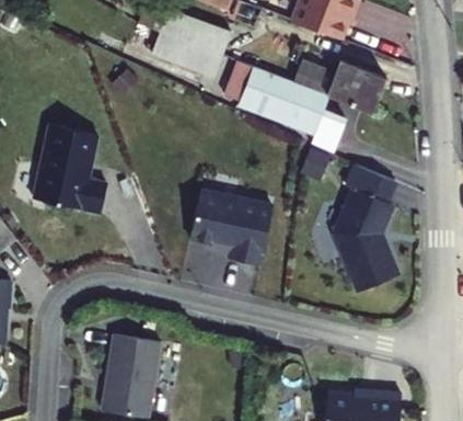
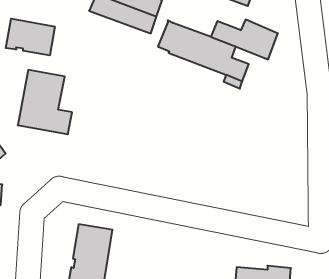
building: none -> [6,19,55,55]
building: [333,164,397,292] -> none
building: [189,191,273,266] -> none

